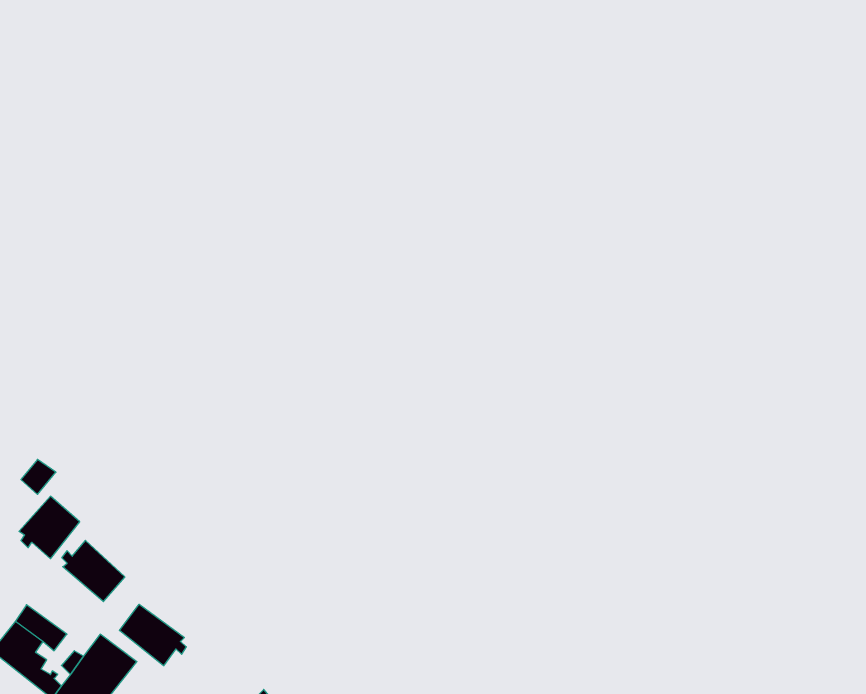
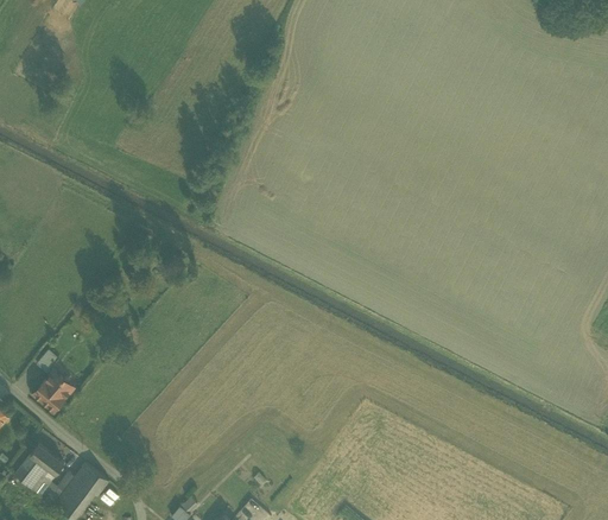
building: [62,540,125,602] -> none
building: [119,604,186,666] -> none

